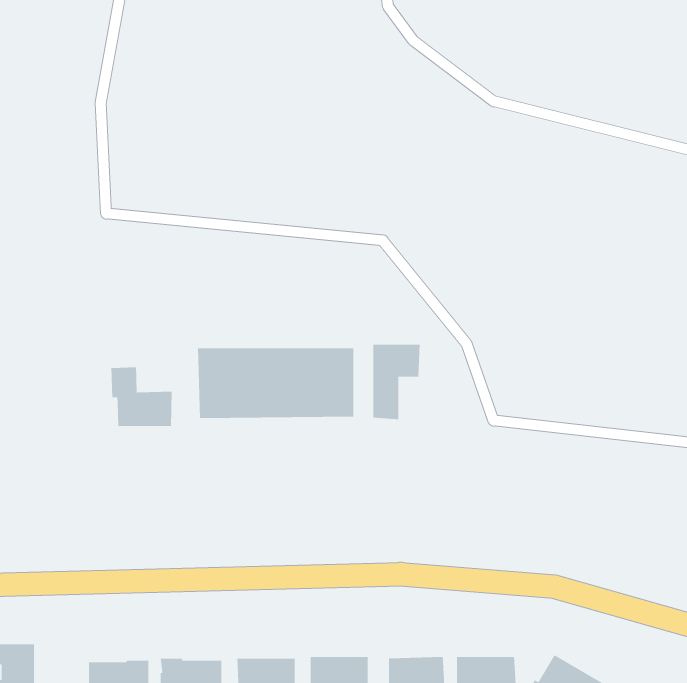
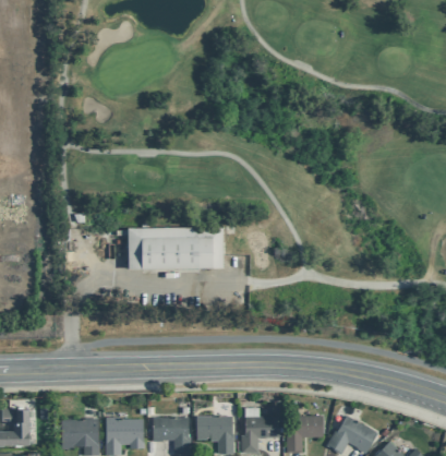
building: [372,344,420,420] -> none
building: [110,367,173,427] -> none

